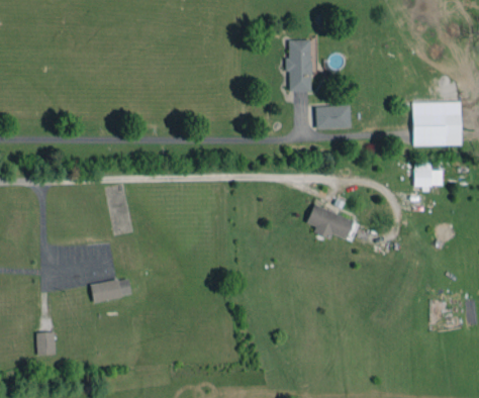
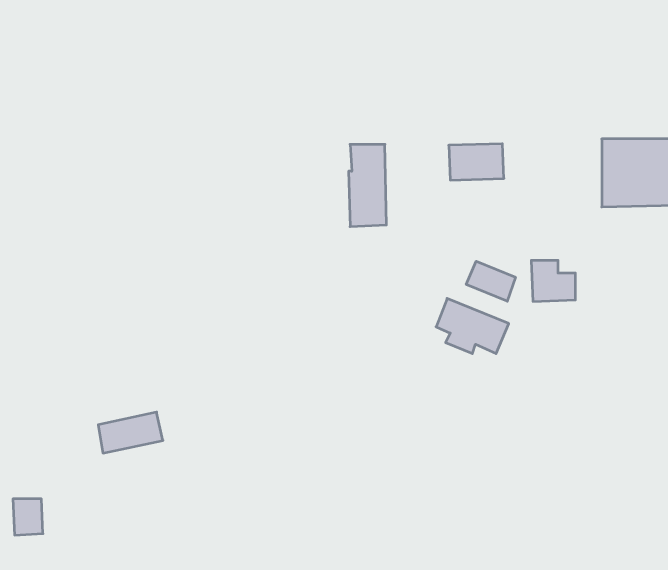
building: [287,39,311,92] -> [349,144,386,227]
building: [414,162,443,188] -> [531,260,575,301]
building: none -> [466,261,515,301]

